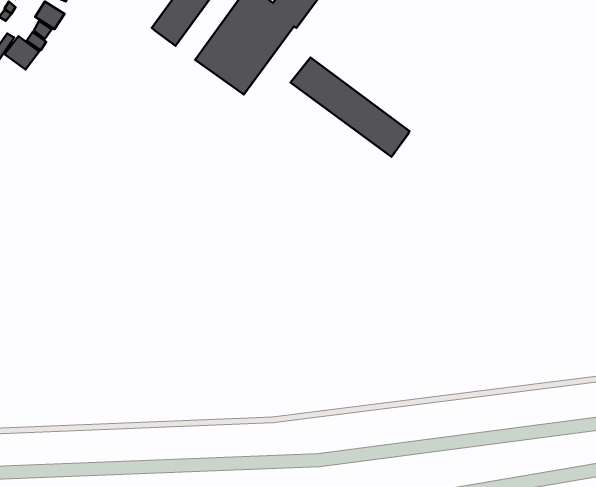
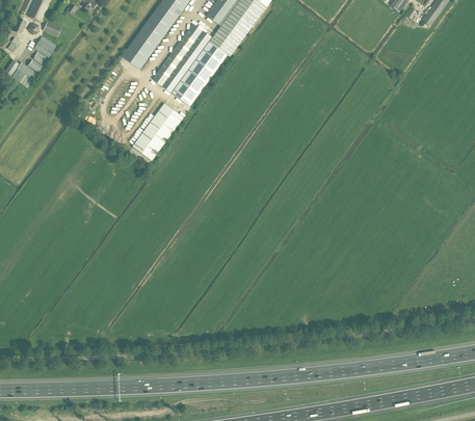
building: [290,57,410,157] -> none
building: none -> [132,102,183,159]

